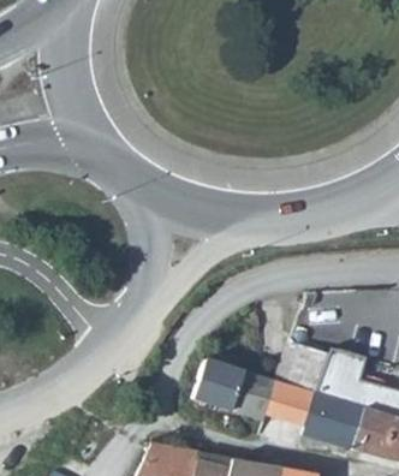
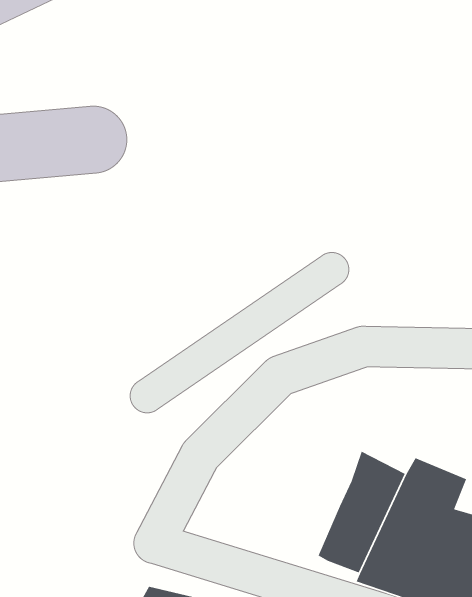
building: [193,357,286,424] -> none

